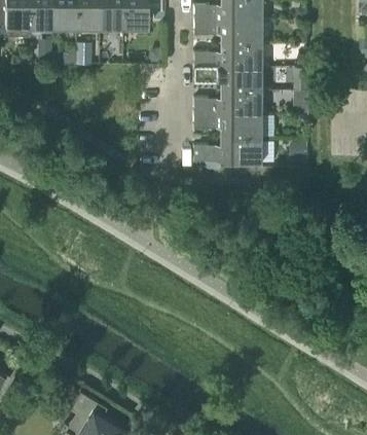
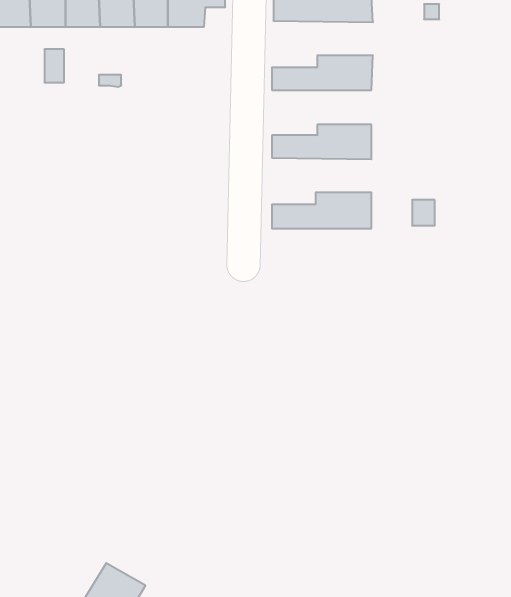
building: [194,21,262,44] -> none
building: [193,68,261,92] -> none
building: [193,114,261,138] -> none

